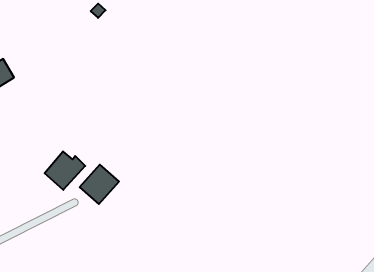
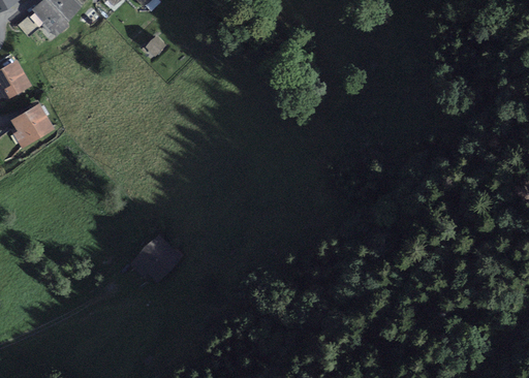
building: [45,151,85,190] -> none

